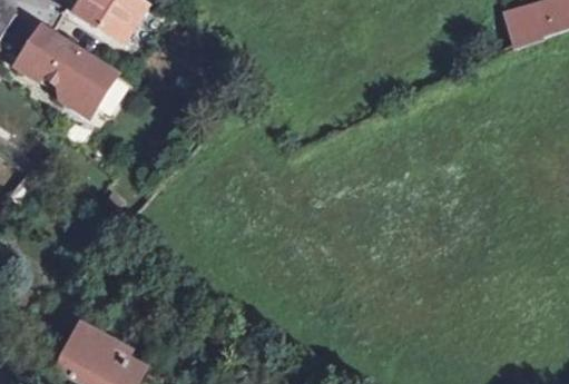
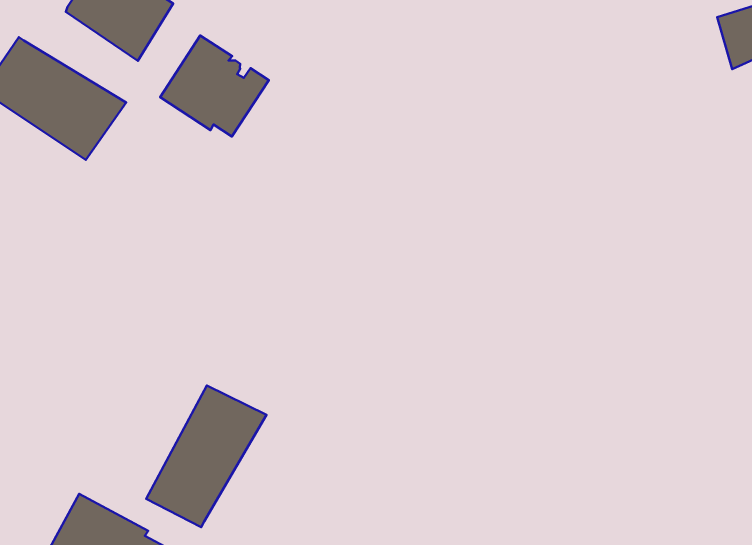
building: none -> [160,35,269,137]
building: none -> [146,386,266,527]

